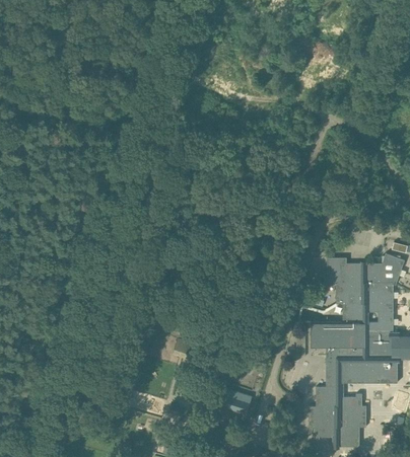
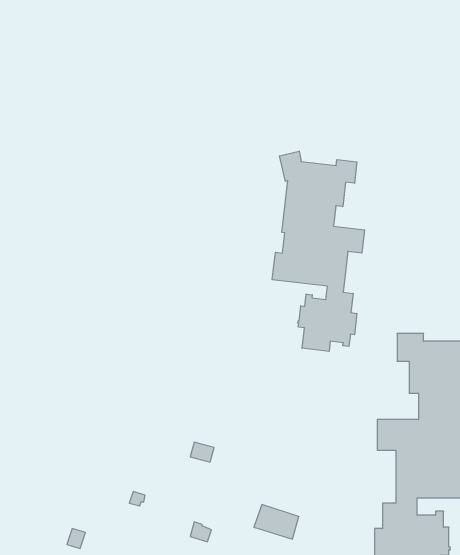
building: none -> [272,151,364,351]

